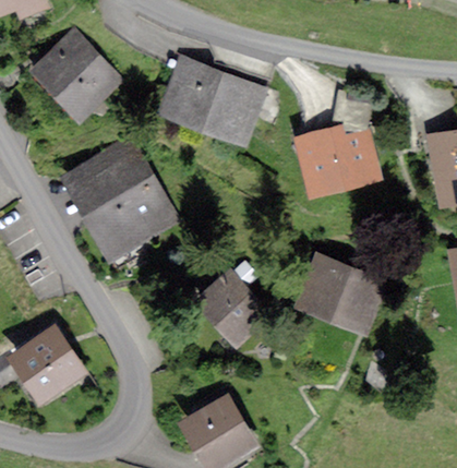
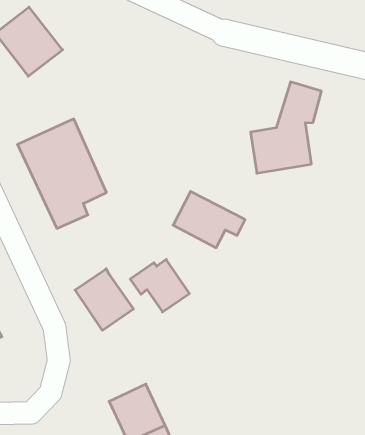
building: [167,64,254,131] -> none
building: [303,263,374,316] -> [173,191,245,248]
building: none -> [75,269,133,330]

